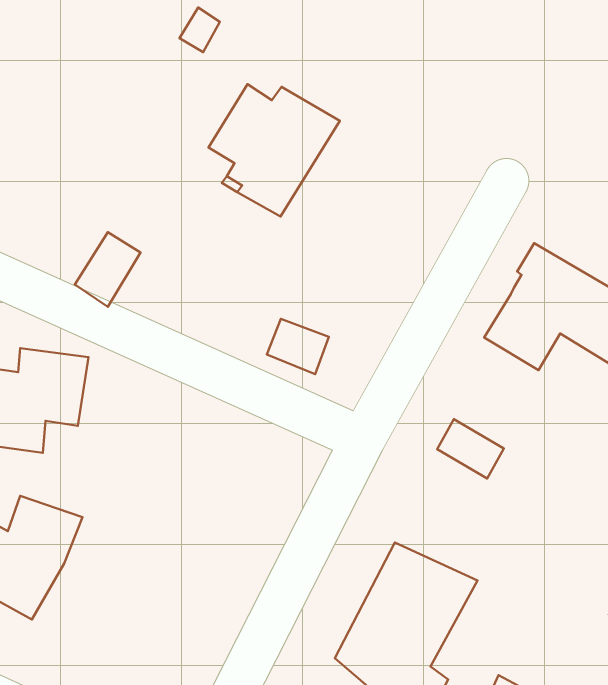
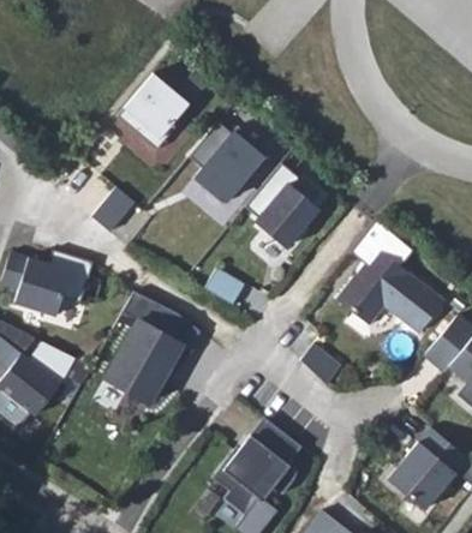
building: none -> [116,71,189,148]
building: none -> [245,161,318,246]
building: none -> [101,309,192,408]

